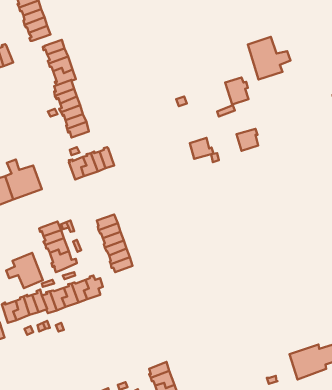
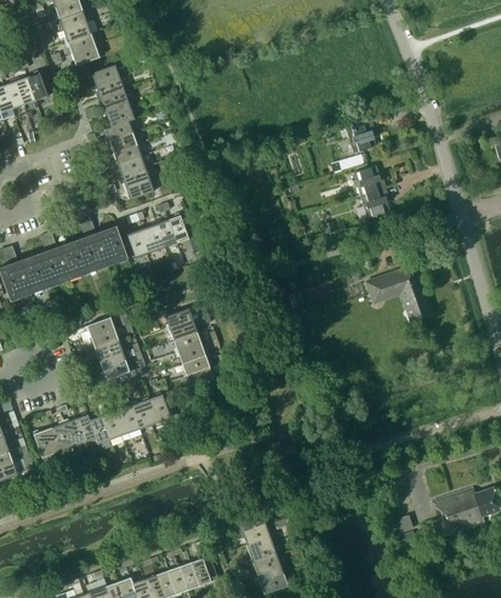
building: [248,37,290,80] -> none
building: [190,138,213,159] -> [353,166,386,195]
building: none -> [76,216,129,272]
building: none -> [365,264,434,323]
building: [6,253,43,288] -> none

